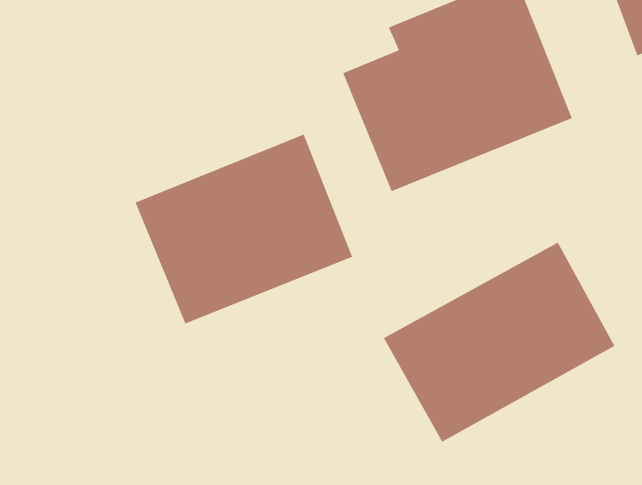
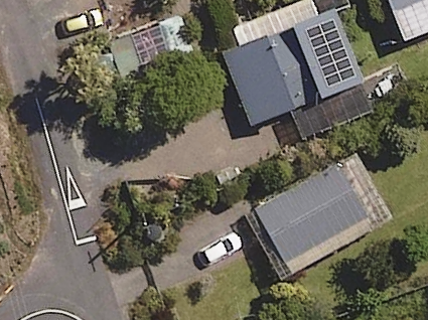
building: [135,133,353,324] -> none

